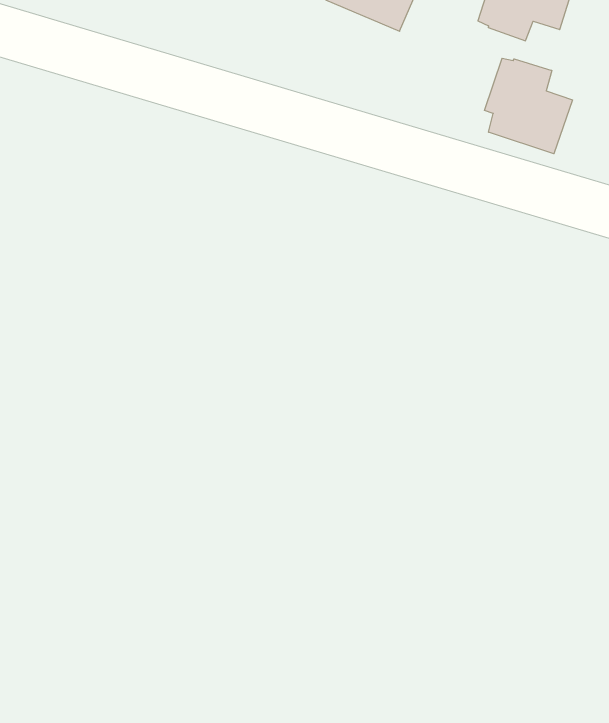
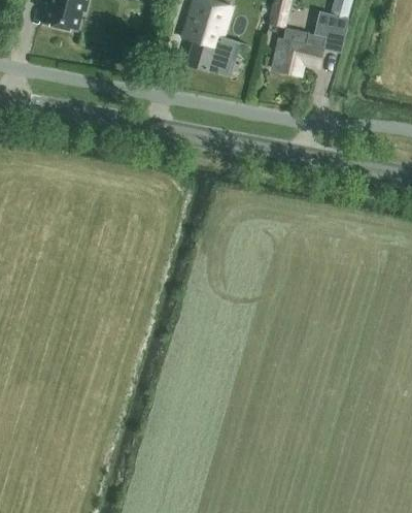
building: [484,58,573,154] -> none

